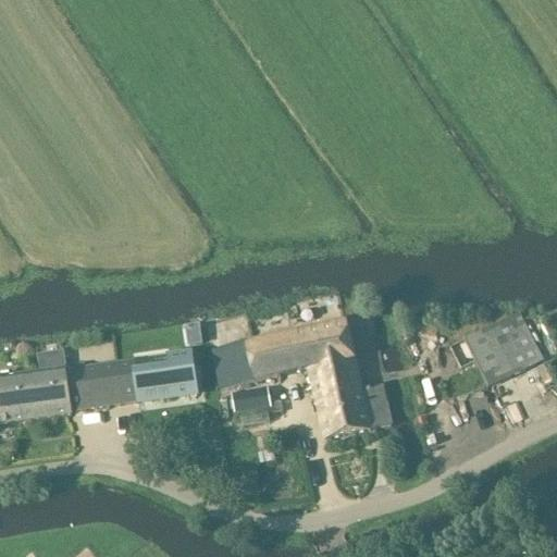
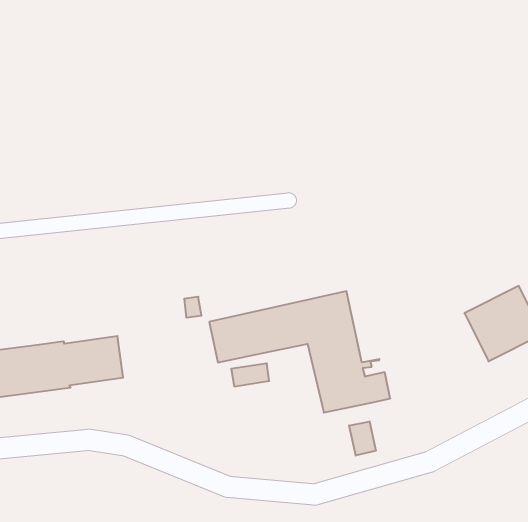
building: [119,350,196,401] -> none
building: none -> [349,421,376,456]

